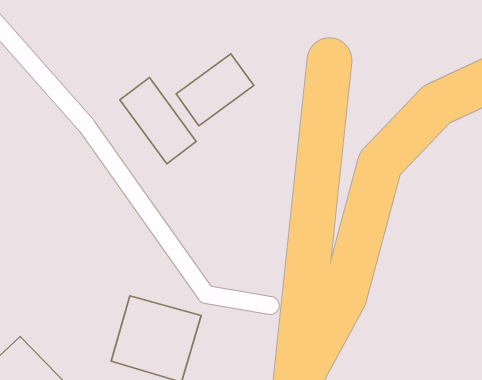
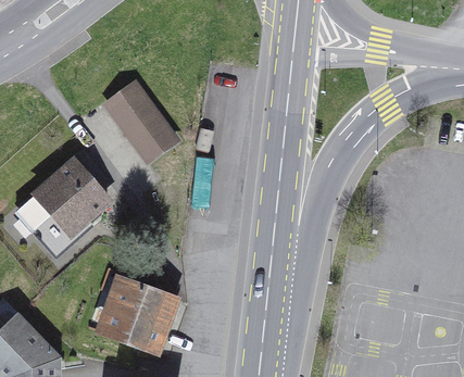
building: [176,54,254,126] -> none
building: none -> [23,160,101,238]

